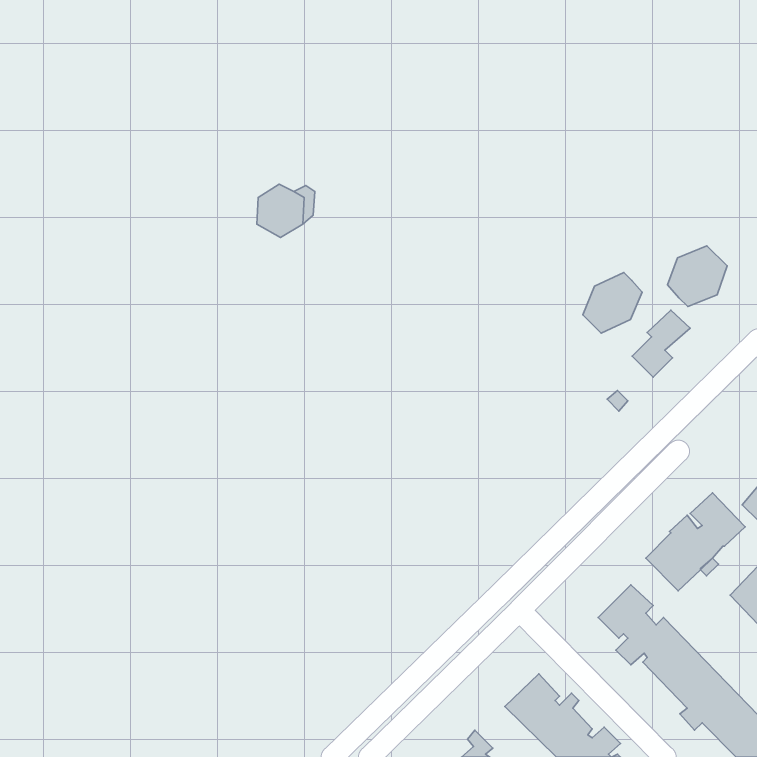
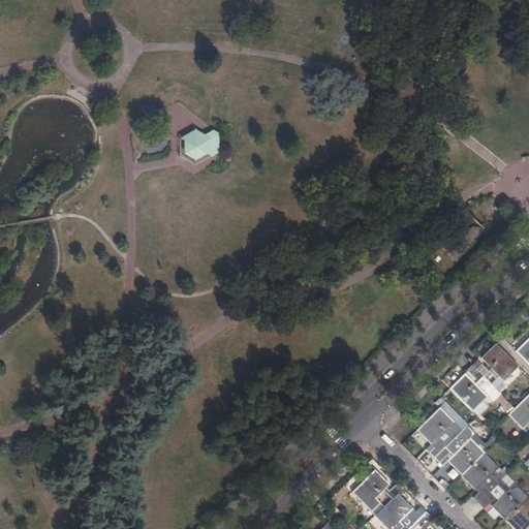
building: [667,246,727,307] -> none
building: [583,273,642,333] -> none

